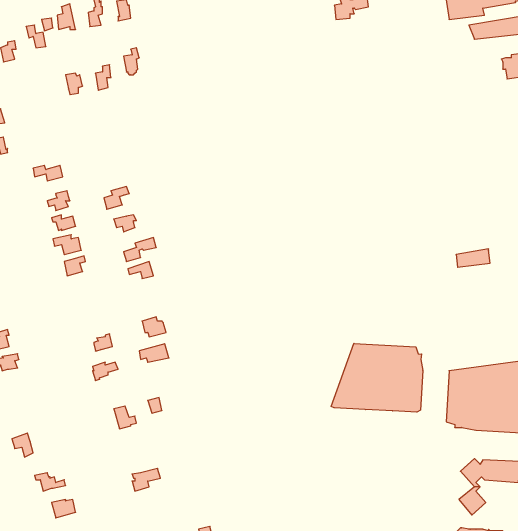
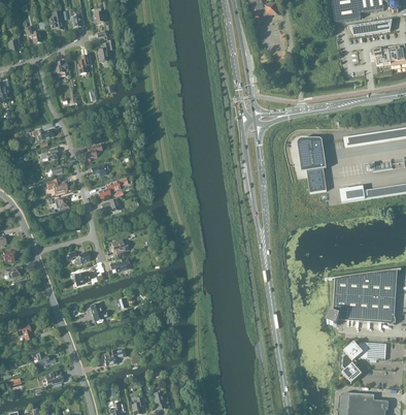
building: none -> [302,140,327,193]
building: [331,343,423,412] -> none

